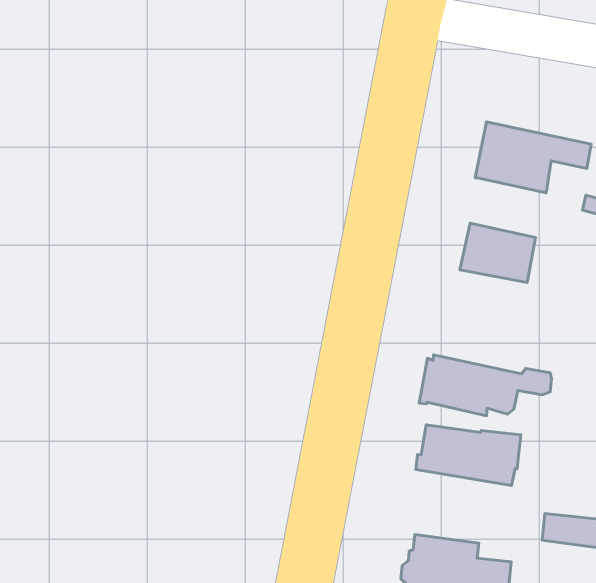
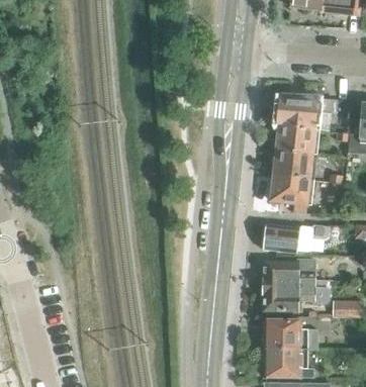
building: none -> [278,127,316,156]
building: none -> [273,177,311,205]
building: none -> [262,279,329,311]

